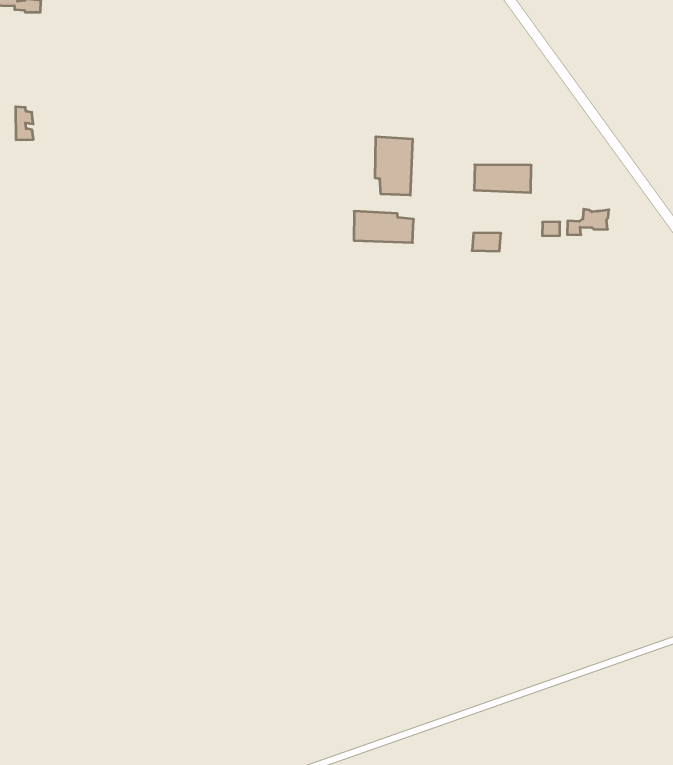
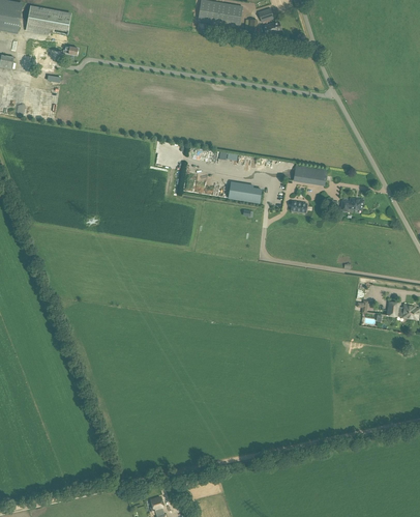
building: [375,137,412,195] -> none

